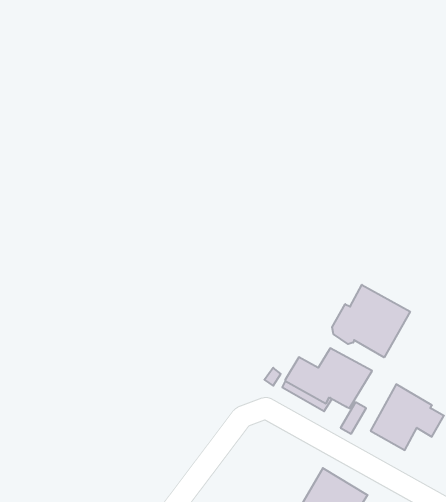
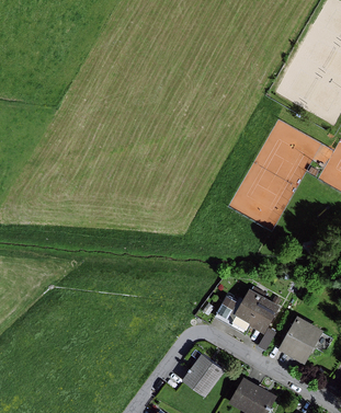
building: [332,285,410,357] -> none
building: none -> [183,354,226,397]

